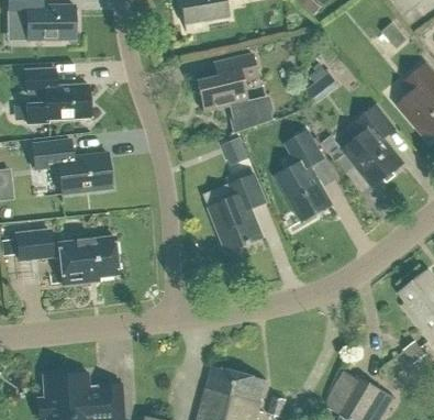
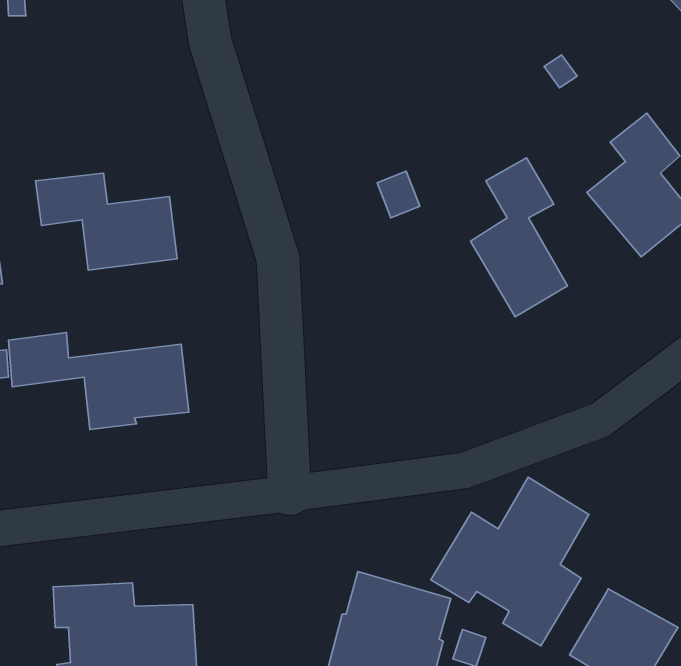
building: [196,53,274,132] -> none
building: [23,68,89,123] -> none
building: [209,174,266,251] -> none
building: none -> [431,477,589,646]

